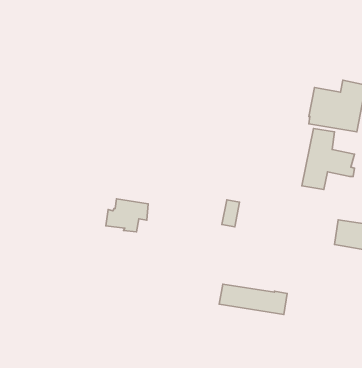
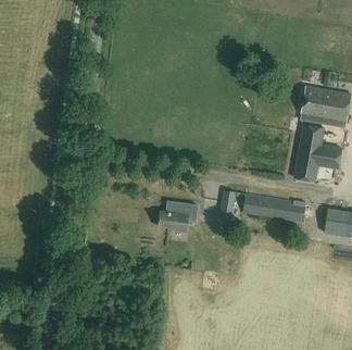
building: [106,199,148,232] -> [158,201,197,232]
building: [219,284,287,315] -> [243,193,306,222]

